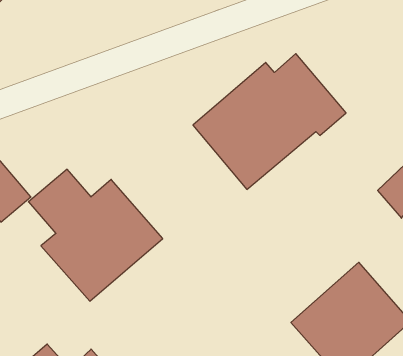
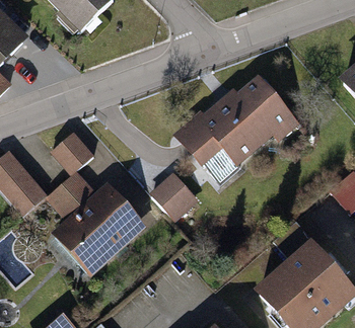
building: none -> [50,134,92,175]
building: none -> [151,173,200,222]

